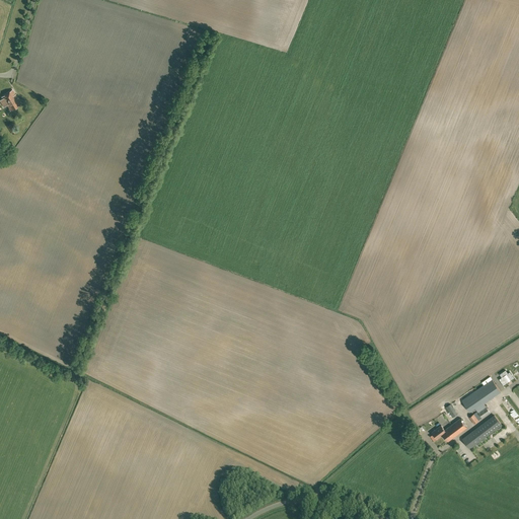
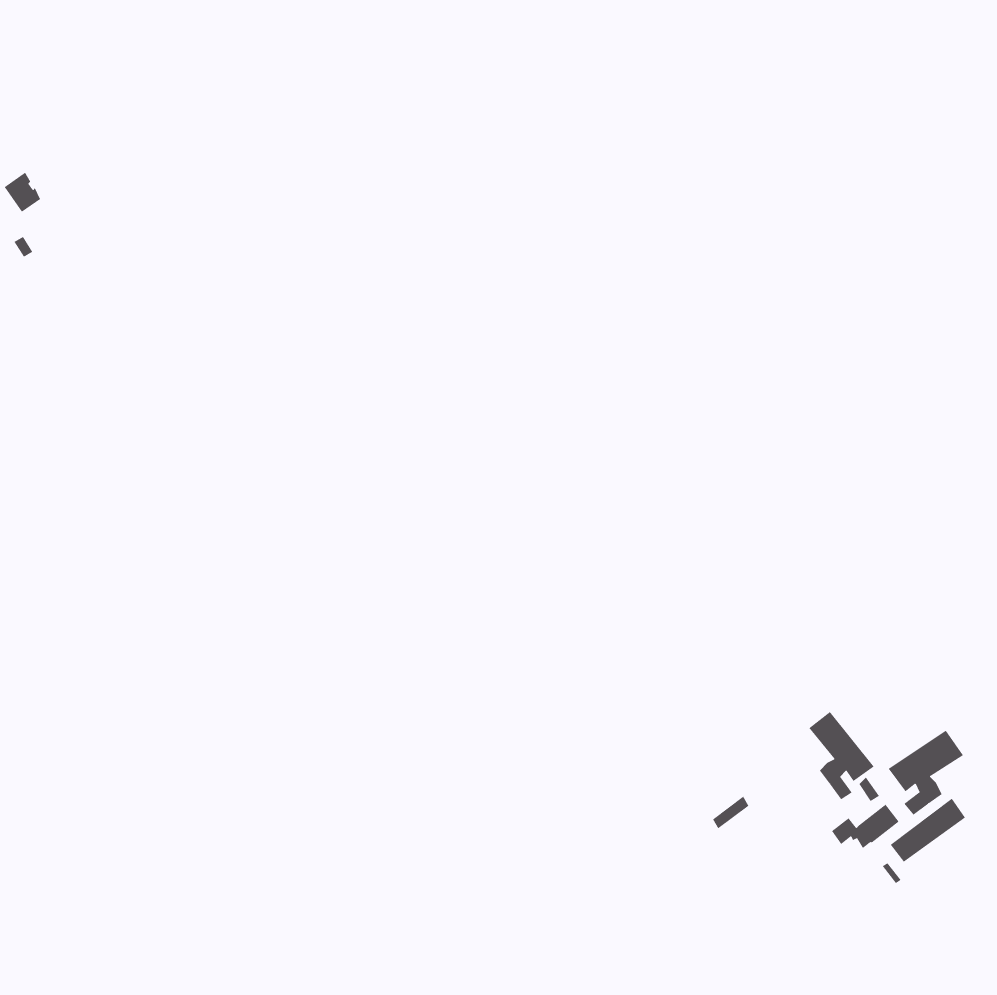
building: none -> [808,711,874,800]

